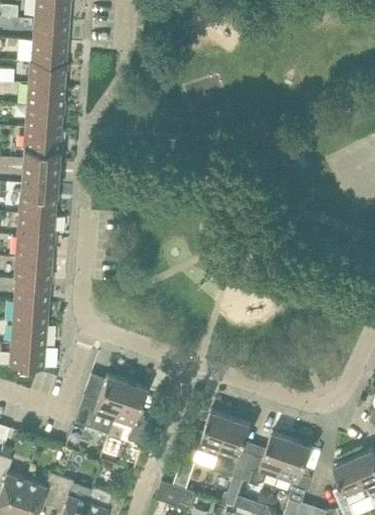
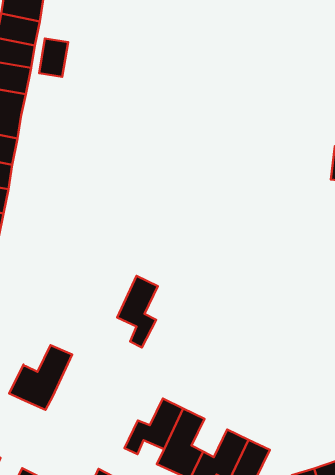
building: none -> [39,38,68,77]
building: [114,381,149,445] -> [117,276,158,347]

